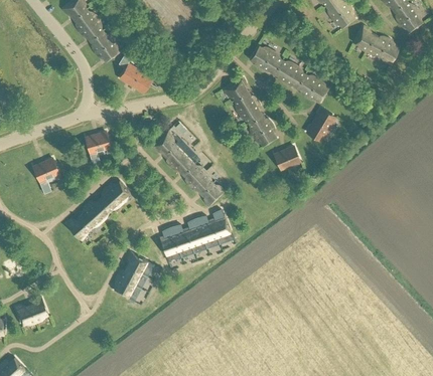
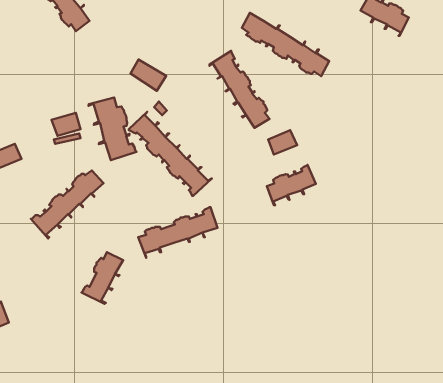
building: [121,65,152,92] -> [130,60,166,91]
building: [307,110,334,141] -> none
building: none -> [89,98,136,160]
building: none -> [267,165,316,205]

